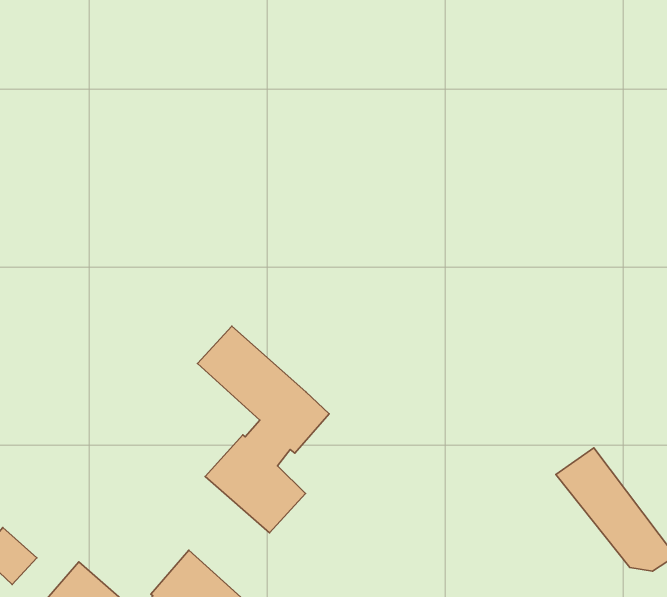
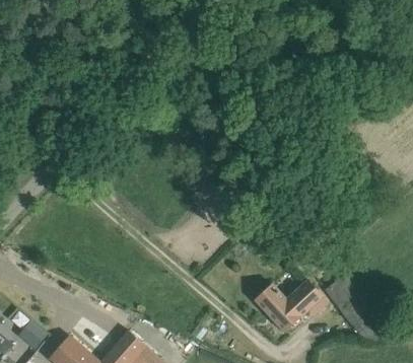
building: [197,326,329,533] -> none
building: none -> [256,282,328,332]

